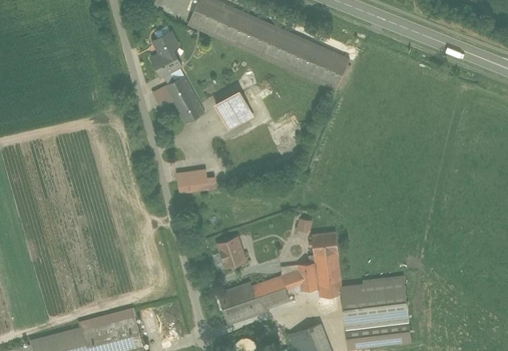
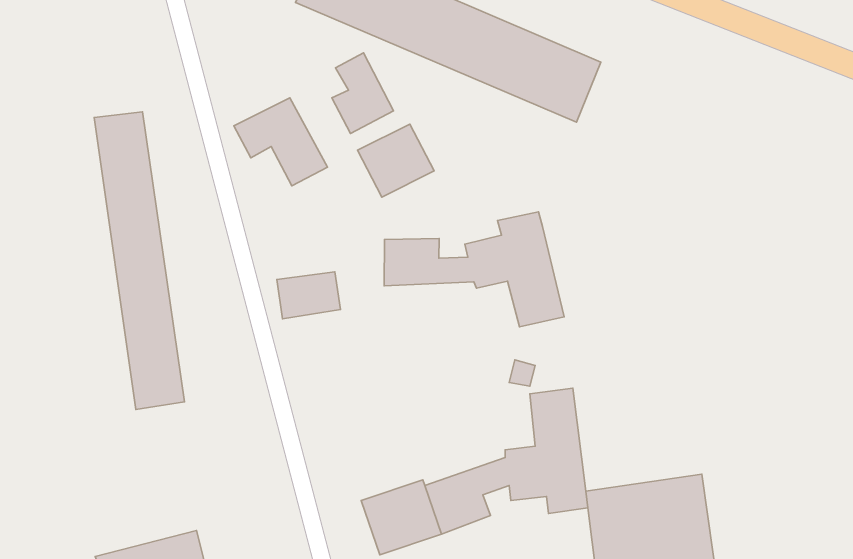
building: [149,33,182,76] -> [332,53,394,133]
building: none -> [94,112,185,410]
building: none -> [384,212,564,327]
building: [217,236,248,269] -> none

